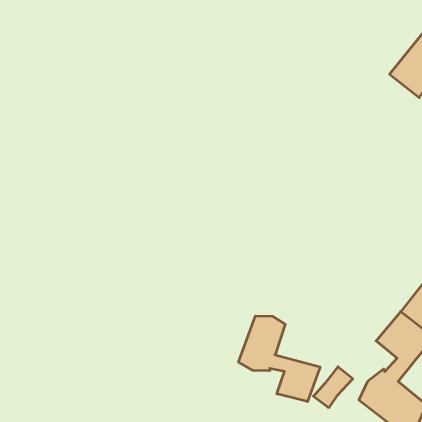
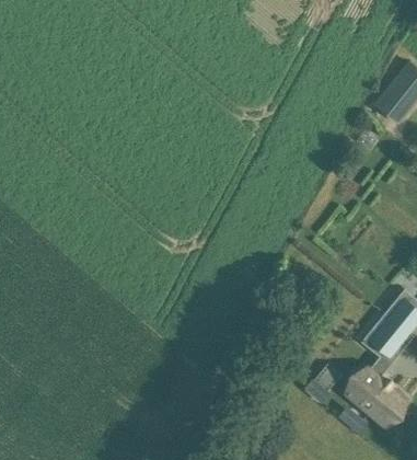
building: [239,316,320,402] -> none

